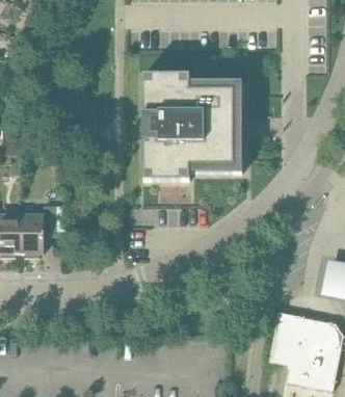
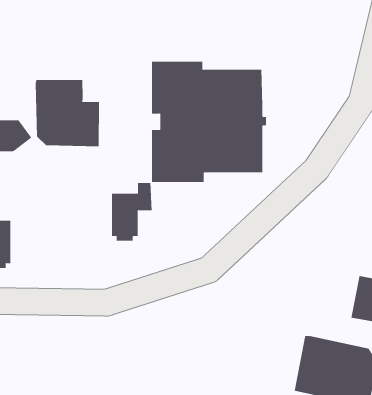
building: none -> [35,79,100,147]
building: [20,205,56,257] -> [111,182,152,241]

